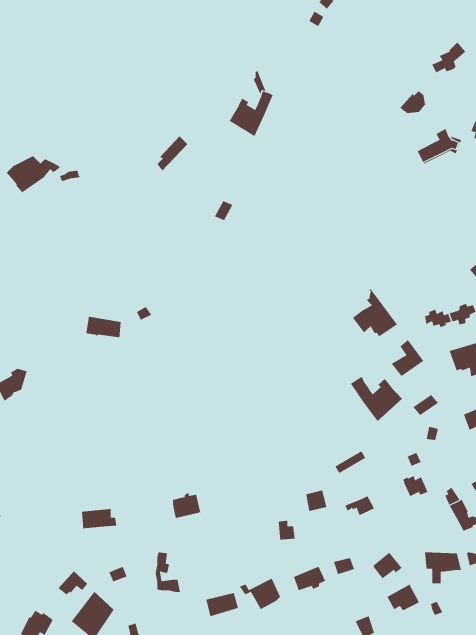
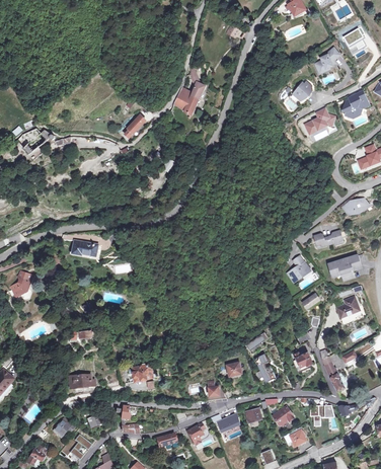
building: [352,288,398,337] -> none
building: [350,376,403,422] -> none

